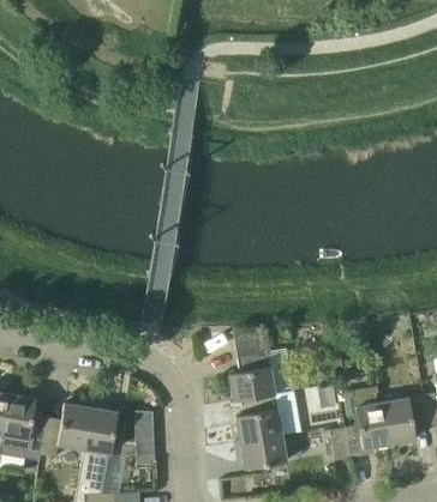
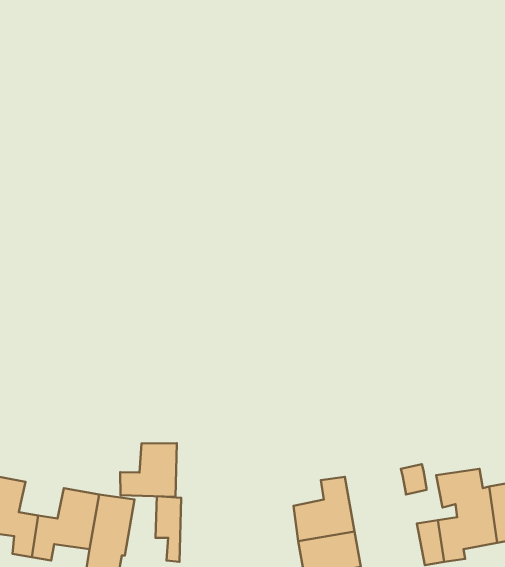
building: [228,334,294,401] -> none
building: none -> [120,443,177,497]

